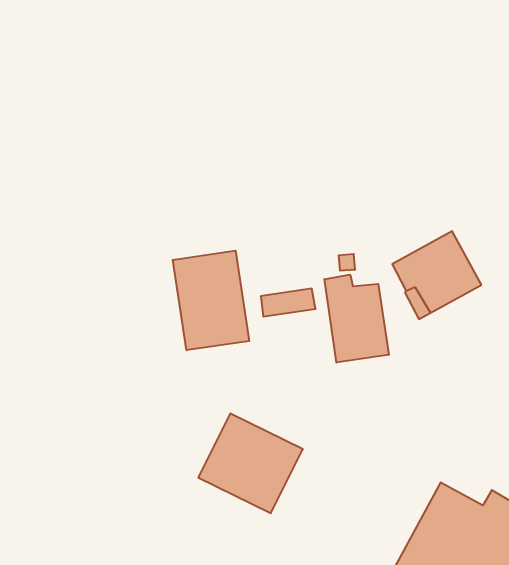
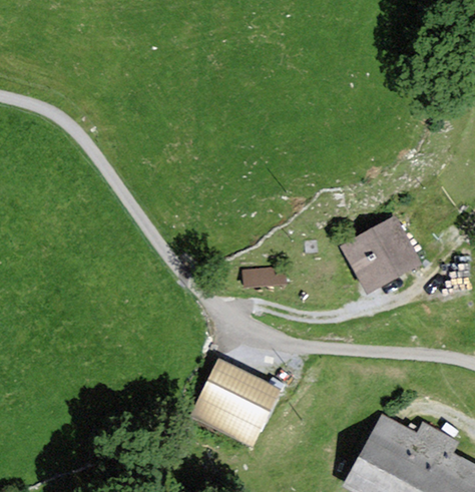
building: [173,251,249,350] -> none
building: [324,275,389,363] -> none

